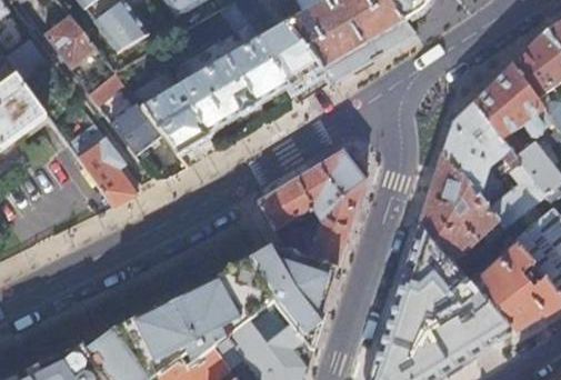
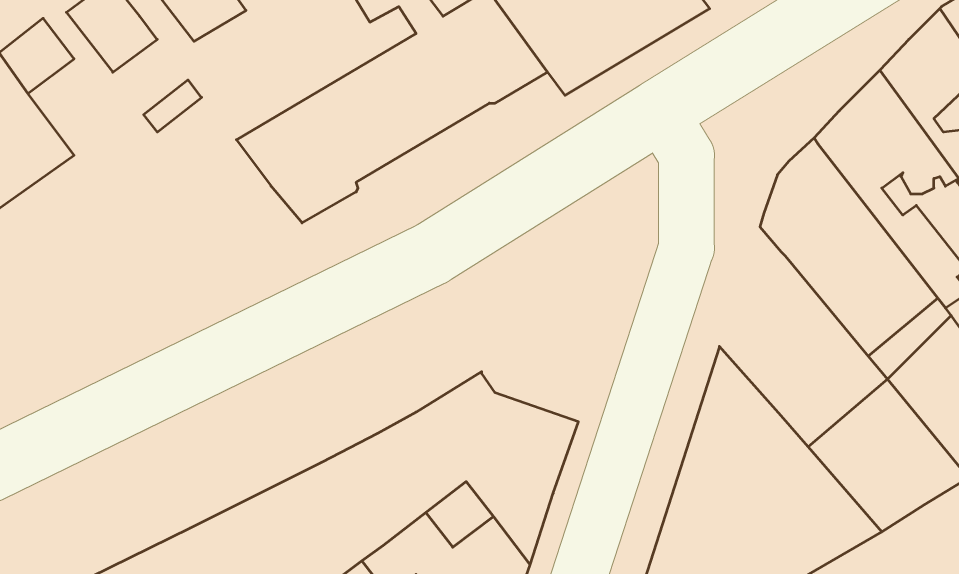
building: [109,99,161,152] -> none
building: [68,122,136,203] -> none
building: [258,150,365,268] -> none
building: [419,156,500,264] -> none

